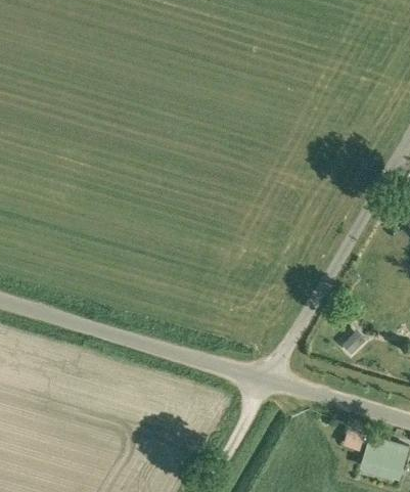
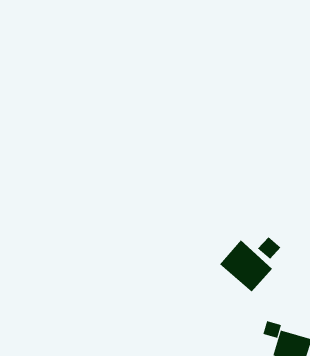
building: none -> [219,239,273,292]

